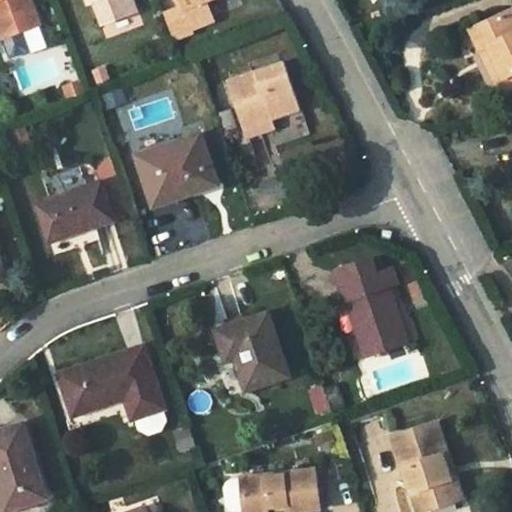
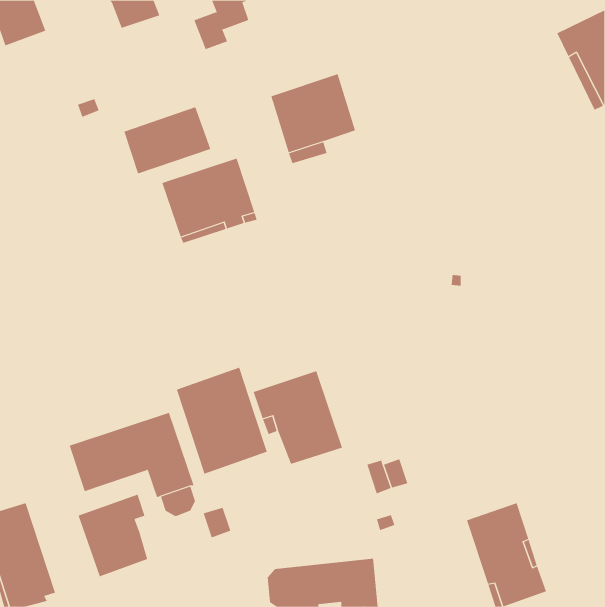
building: [38,183,112,240] -> [123,106,211,174]
building: [335,257,407,359] -> none
building: none -> [176,367,267,474]
building: none -> [78,494,148,577]

